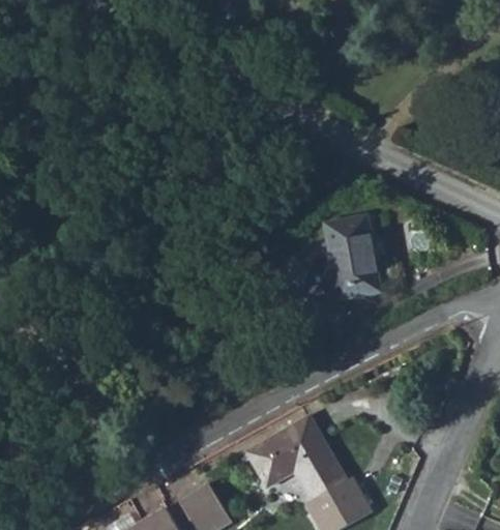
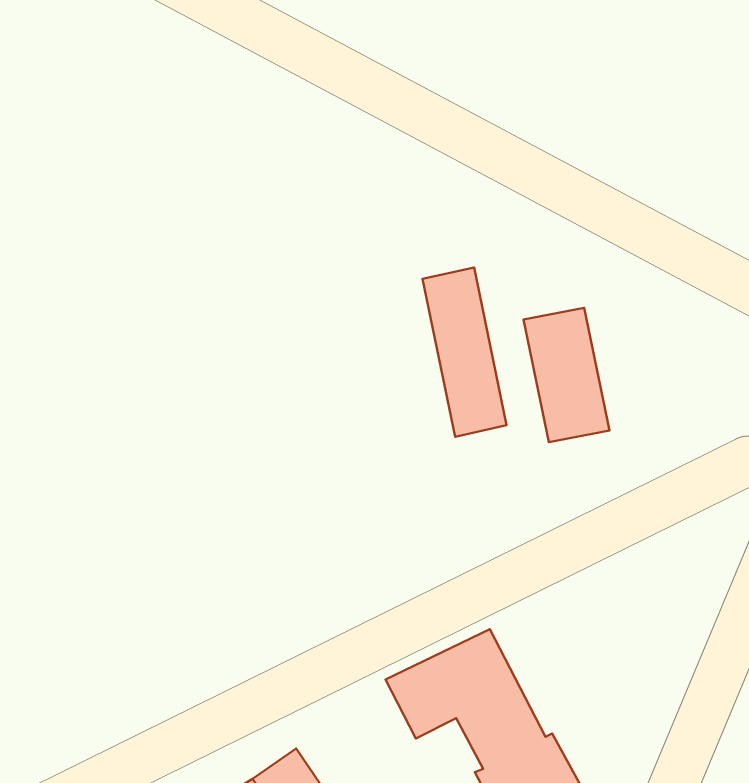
building: none -> [423,267,507,437]

